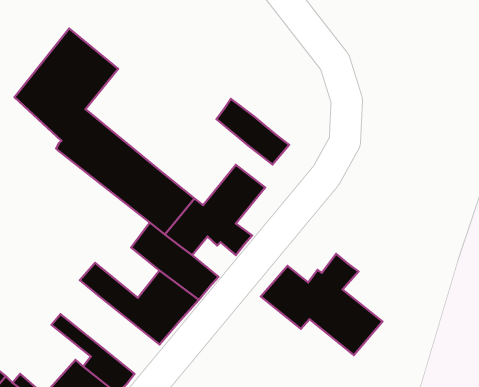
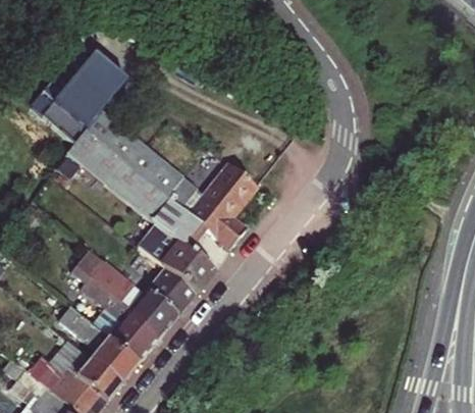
building: [216,99,289,164] -> none
building: none -> [70,248,164,362]
building: [261,254,382,355] -> none

